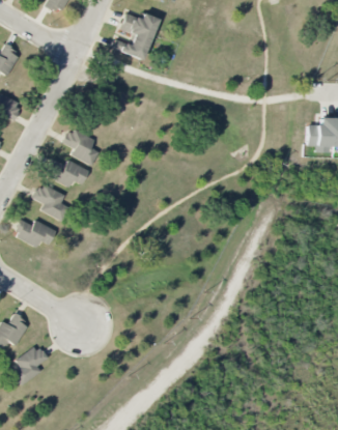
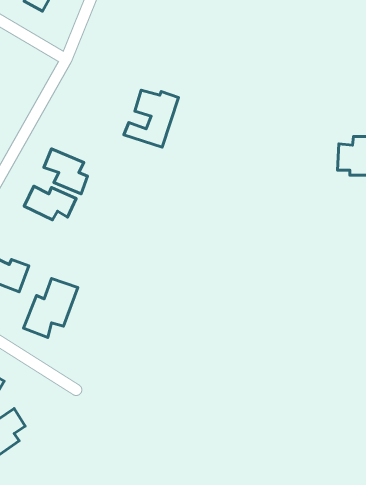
building: [112,12,158,60] -> [124,90,178,147]
building: [33,184,67,219] -> none
building: none -> [24,278,78,338]

